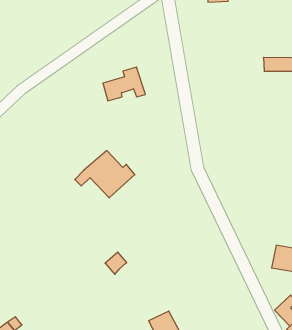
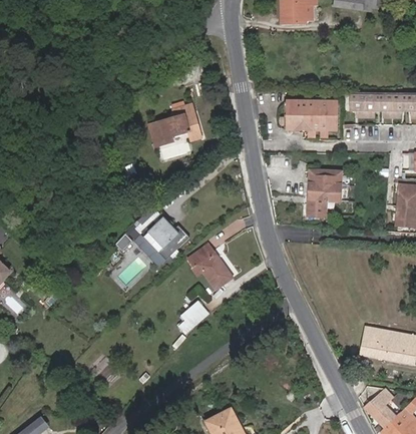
building: none -> [288,102,335,132]
building: none -> [308,171,340,216]
building: none -> [188,246,233,290]
building: [105,252,127,274] -> [182,302,210,330]

